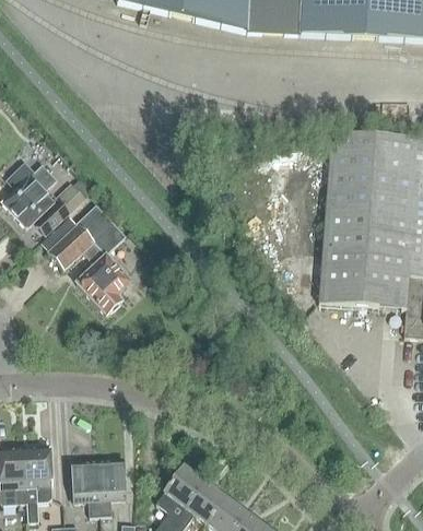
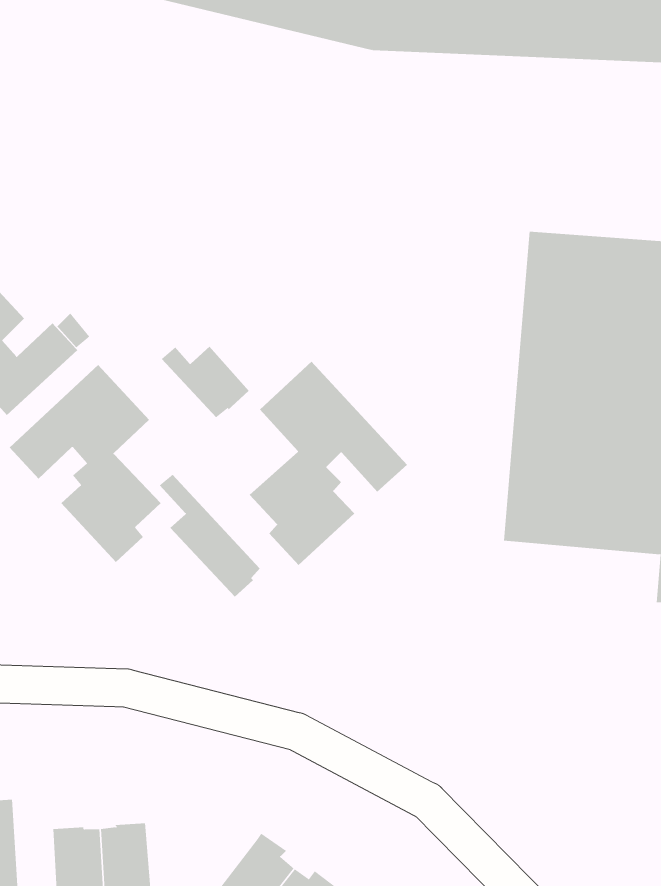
building: none -> [161,346,249,418]
building: none -> [249,361,408,566]
building: none -> [159,474,261,598]

